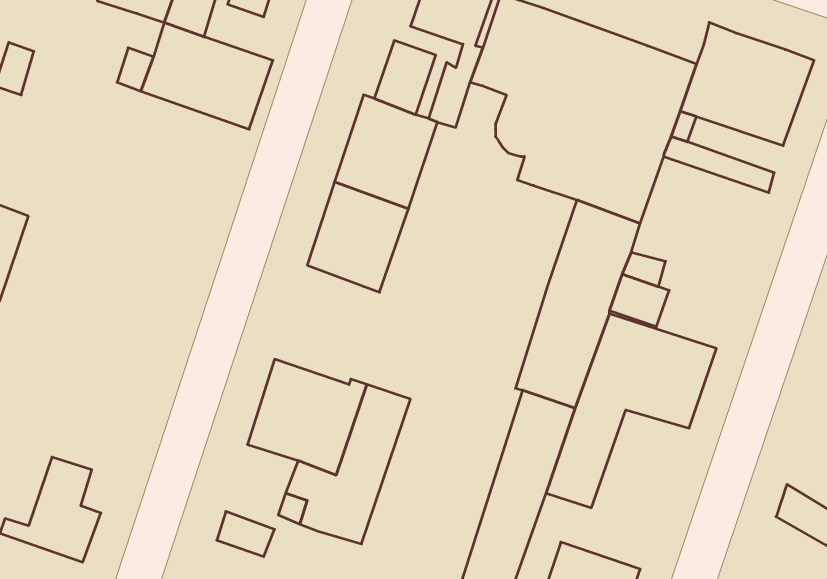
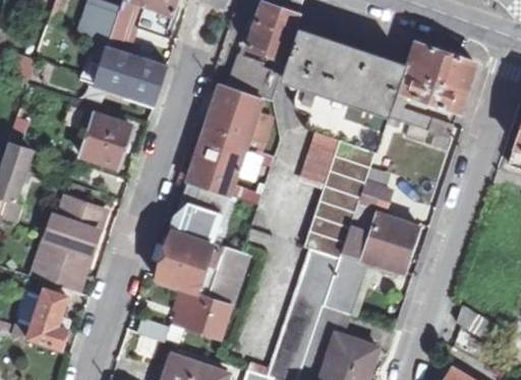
building: none -> [79,114,131,163]
building: none -> [300,134,340,191]
building: none -> [172,179,229,243]
building: none -> [45,197,104,288]

